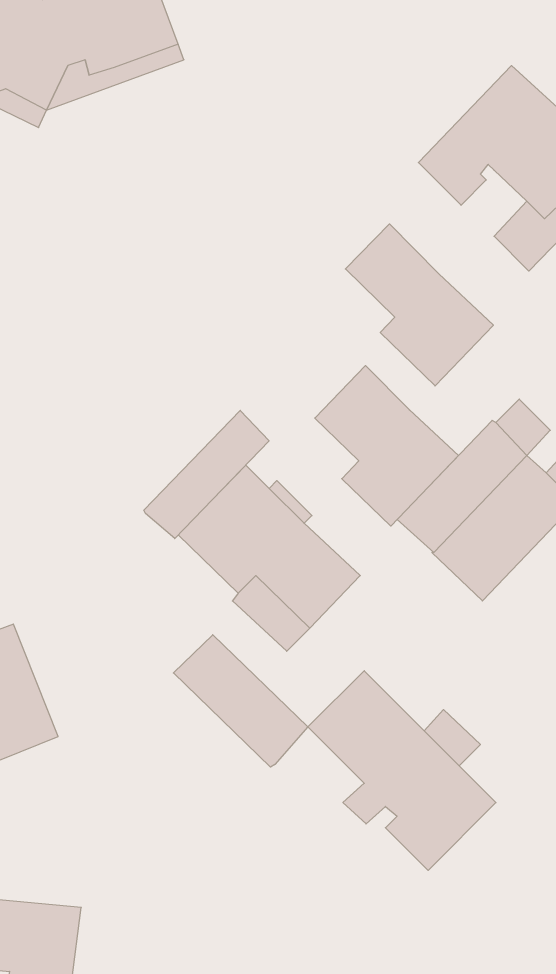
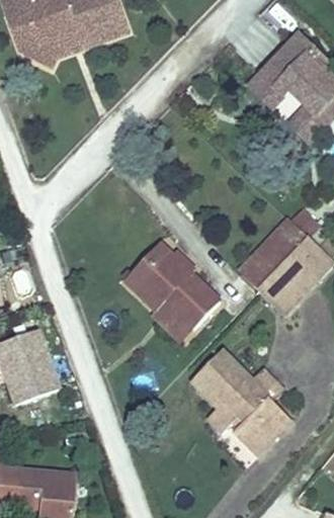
building: [345,224,493,386] -> none
building: [315,366,458,526] -> none
building: [144,410,269,539] -> none
building: [173,635,308,767] -> none

